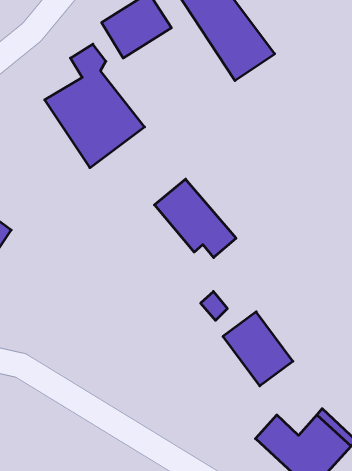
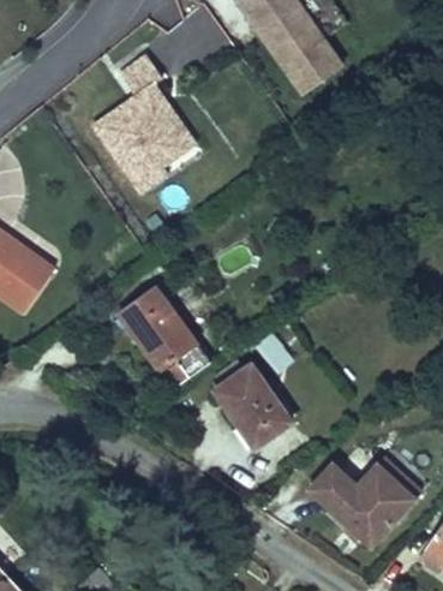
building: [154,179,236,258] -> [120,296,211,383]
building: [223,312,293,386] -> [220,366,298,449]

